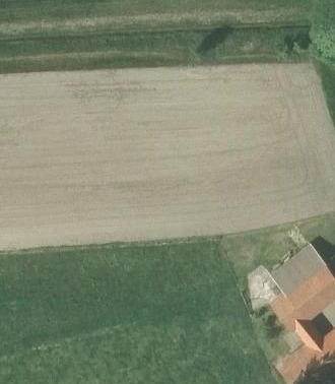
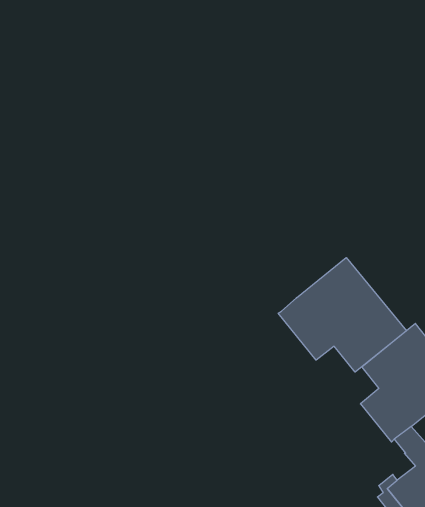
building: none -> [278,258,406,372]

